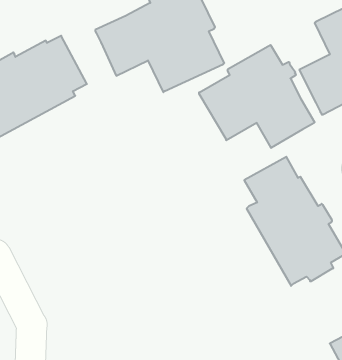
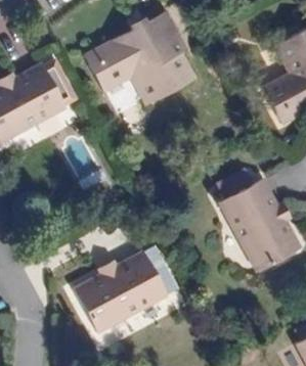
building: [199,45,315,148] -> none
building: none -> [71,249,166,334]

